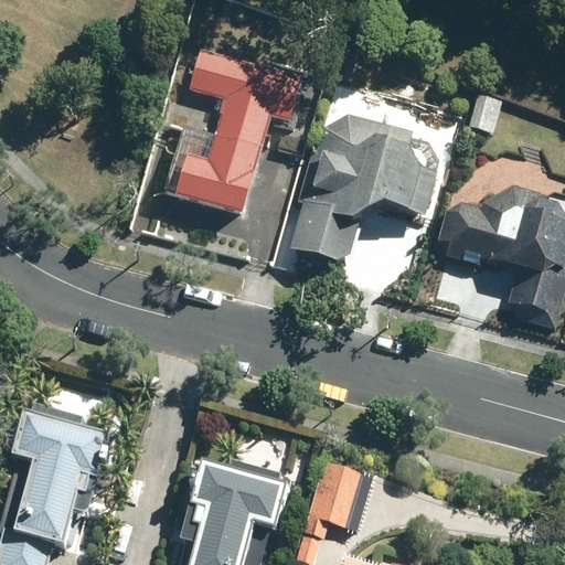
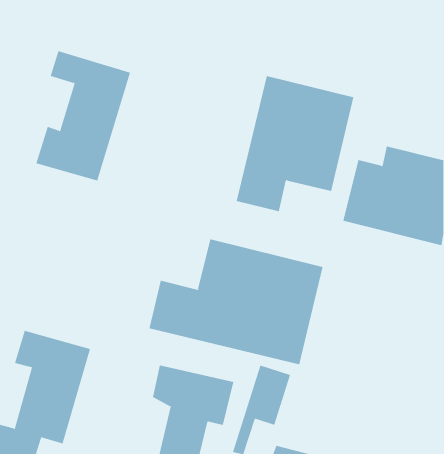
building: [171,56,289,218] -> [35,50,131,181]
building: none -> [149,239,323,365]

